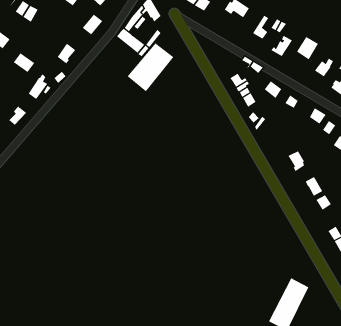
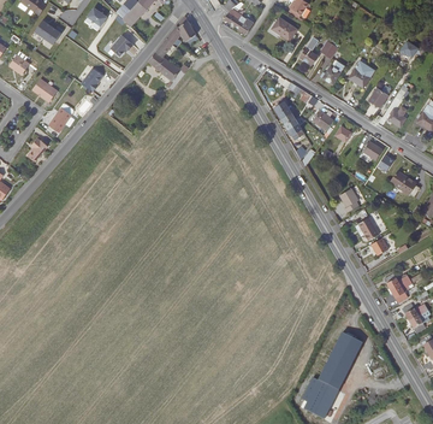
building: [127,42,174,92] -> none

